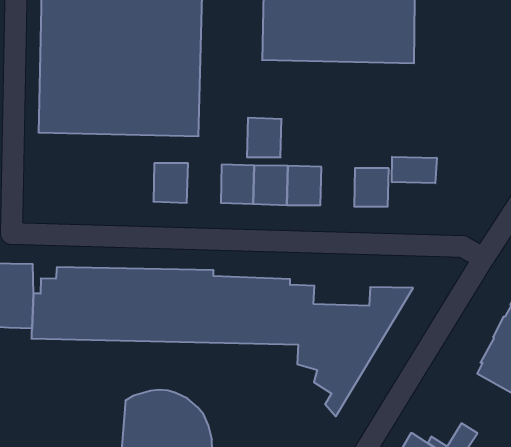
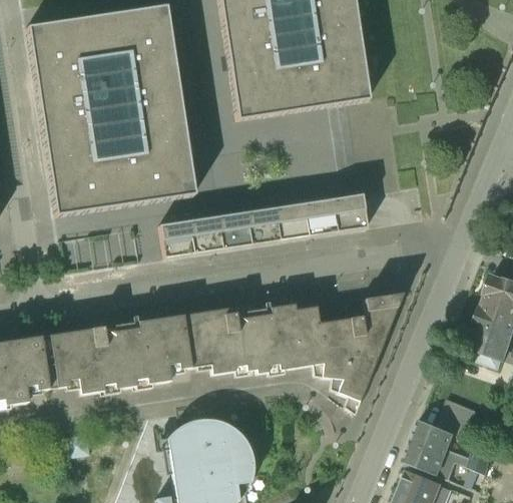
building: [247,118,282,157] -> [191,214,225,253]
building: [392,157,437,183] -> none
building: none -> [307,197,341,234]

